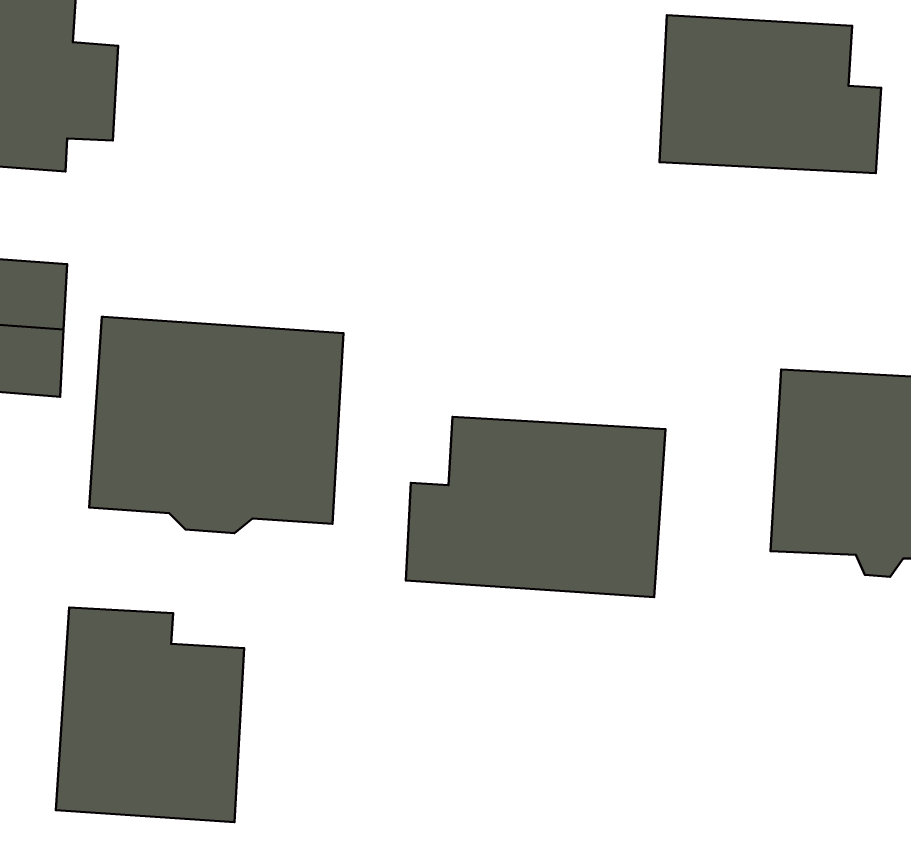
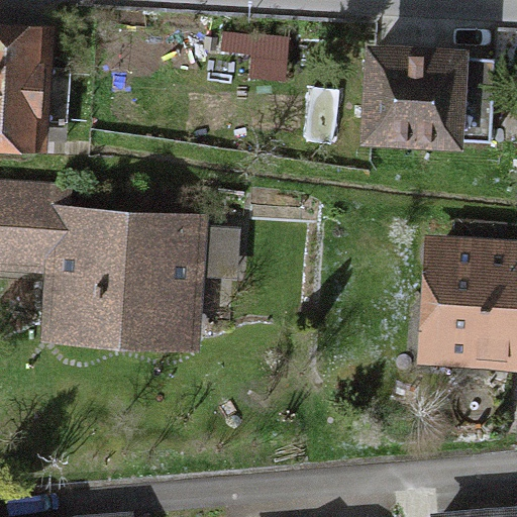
building: [406,417,665,597] -> none
building: [56,607,244,822] -> none

